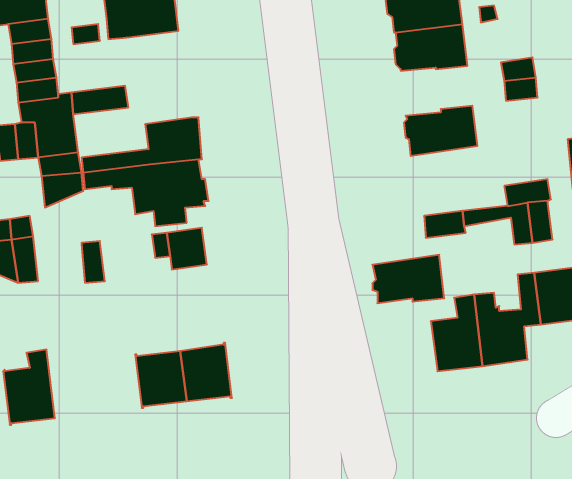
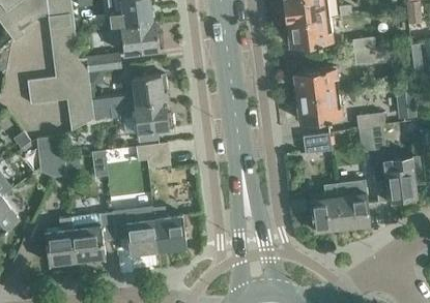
building: none -> [121,20,162,54]
building: [372,255,444,303] -> [297,92,342,122]
building: none -> [71,213,116,261]

